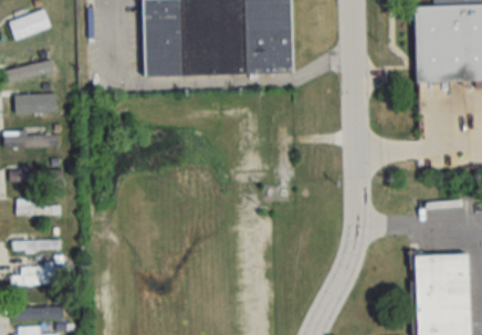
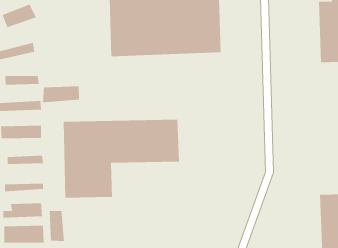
building: none -> [43,85,80,103]
building: none -> [63,119,179,199]
building: none -> [49,210,65,242]

